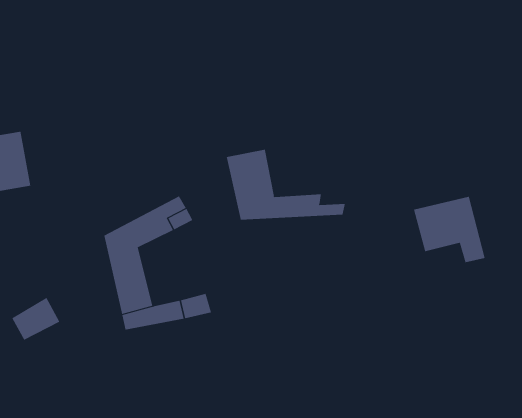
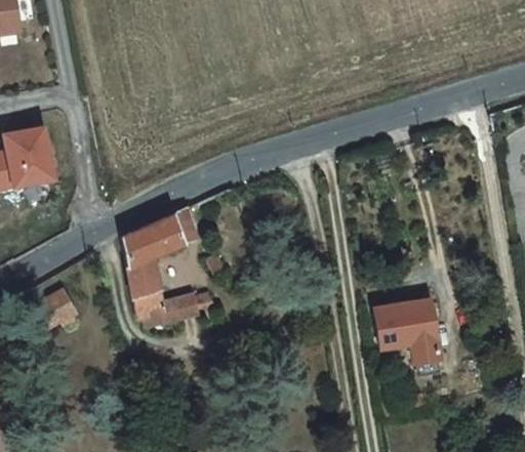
building: [226,149,346,220] -> none
building: [413,196,486,263] -> [371,294,436,356]

